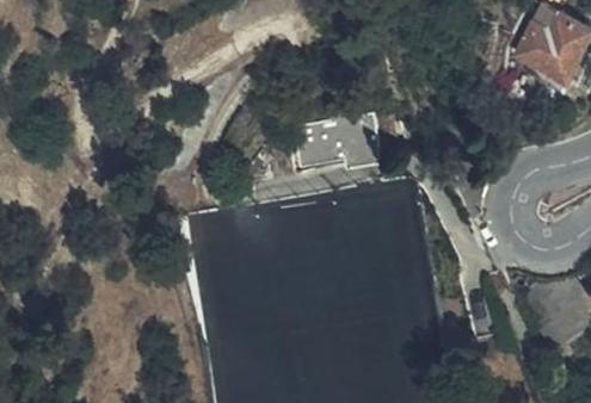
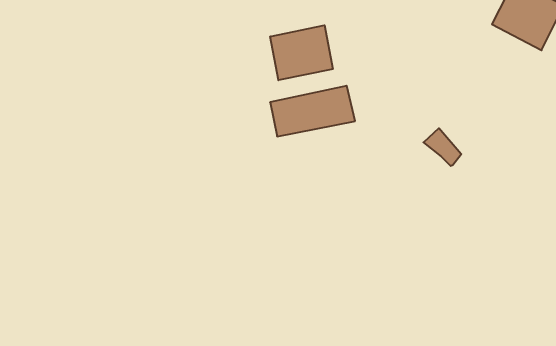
building: none -> [270,25,333,80]

